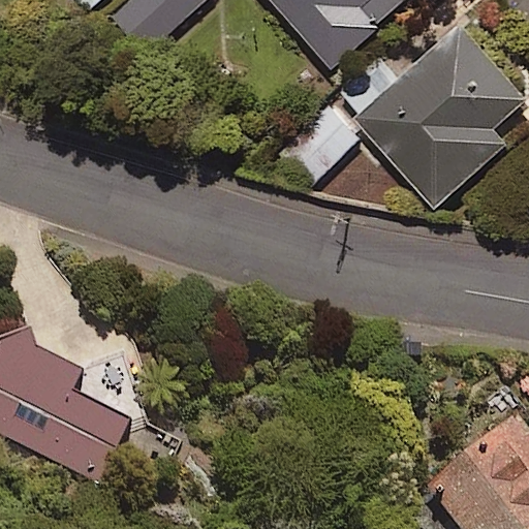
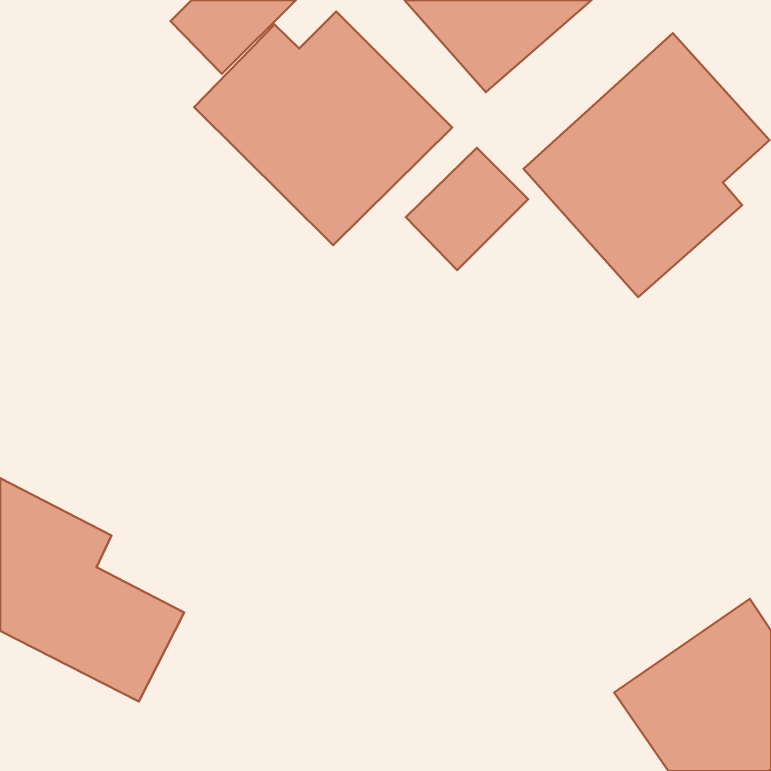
building: none -> [194,11,452,245]

